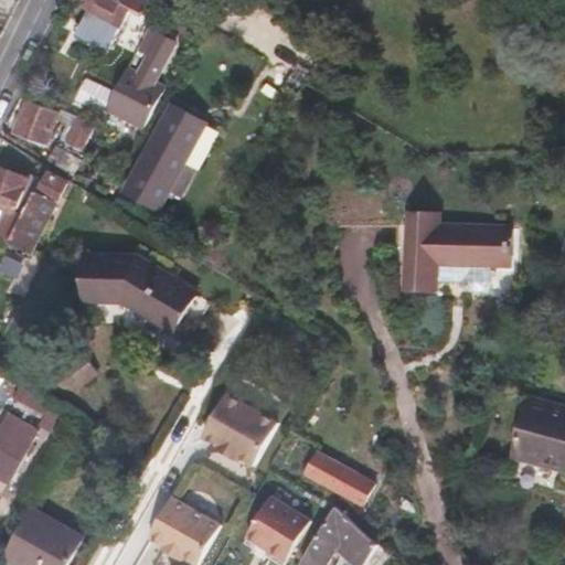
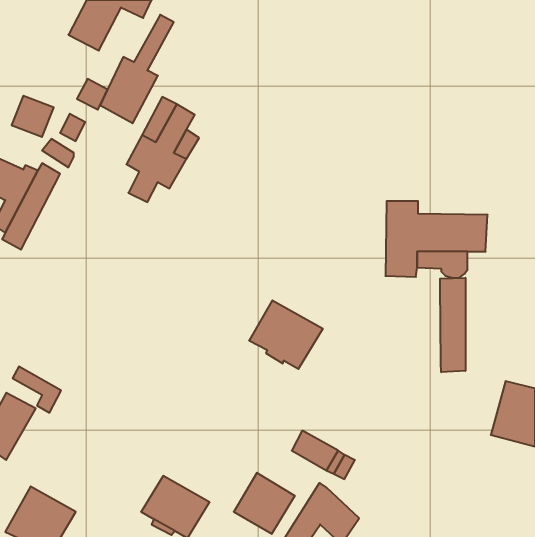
building: [85,252,196,332] -> none
building: none -> [440,278,465,372]
building: [200,393,277,465] -> [249,300,323,369]

